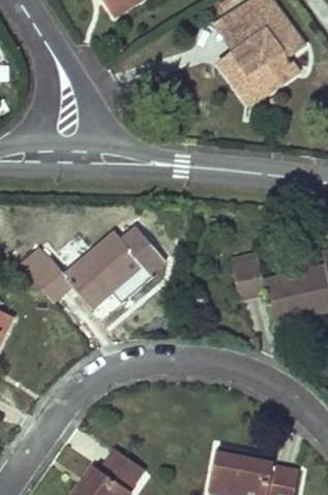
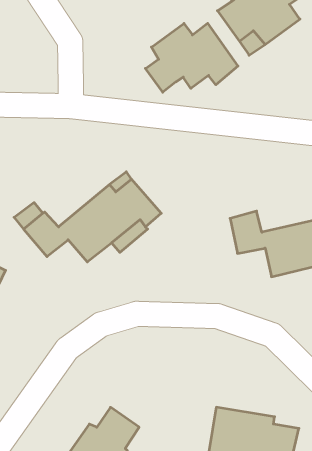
building: none -> [145,23,238,92]

